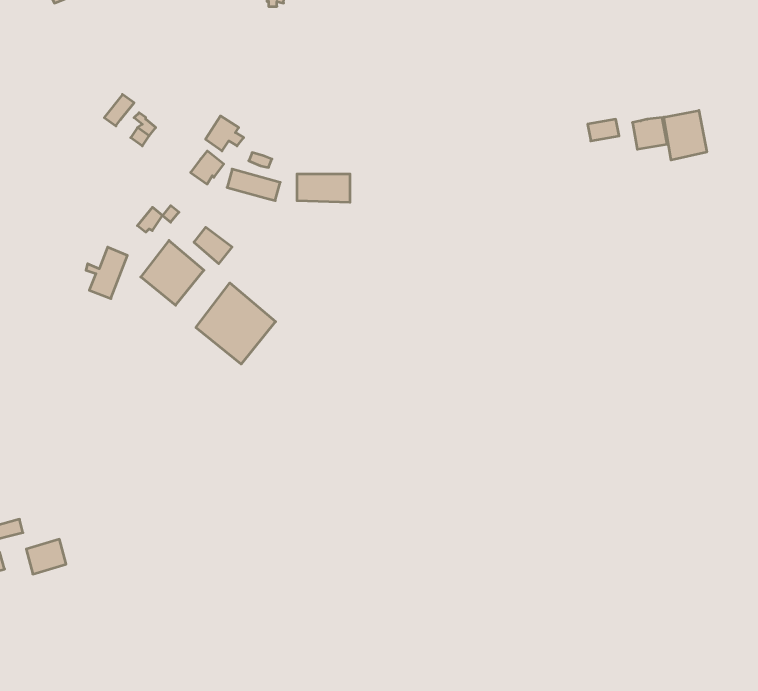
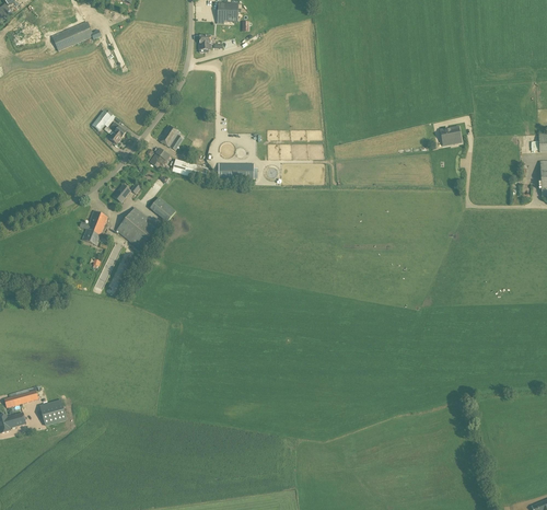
building: [664,110,707,160] -> none
building: [196,283,276,364] -> none

